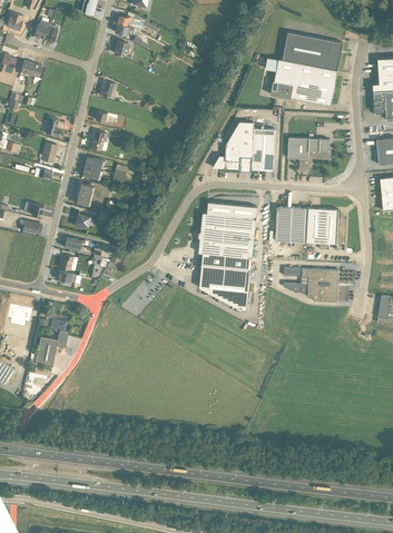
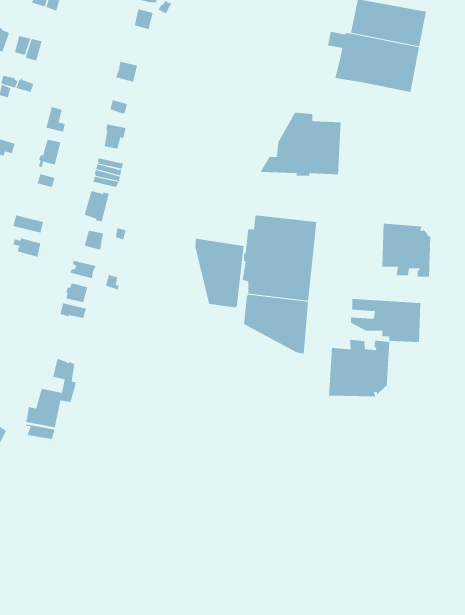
building: [287,136,330,170] -> none
building: [274,206,307,241] -> none
building: none -> [195,238,244,308]
building: none -> [328,339,390,397]

